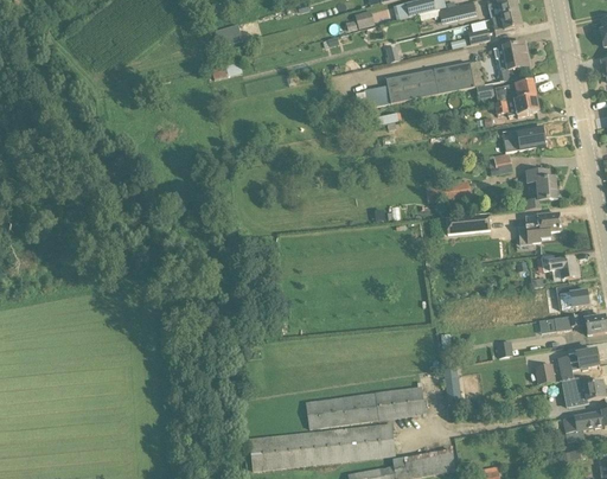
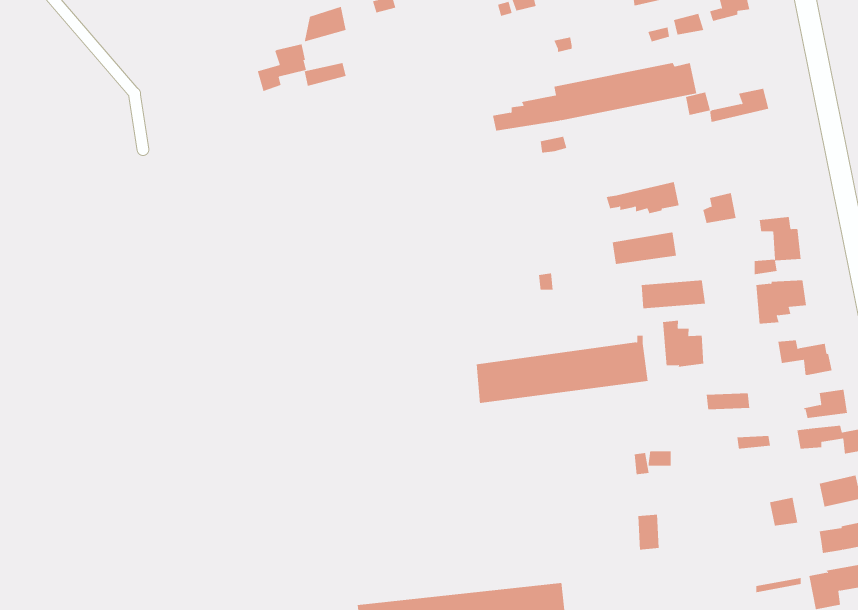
building: [493,41,529,79] -> none
building: none -> [257,44,307,92]
building: [487,94,538,116] -> [606,181,679,214]
building: [512,124,544,148] -> none
building: none -> [662,320,704,368]
building: [306,381,426,428] -> [476,335,649,403]

